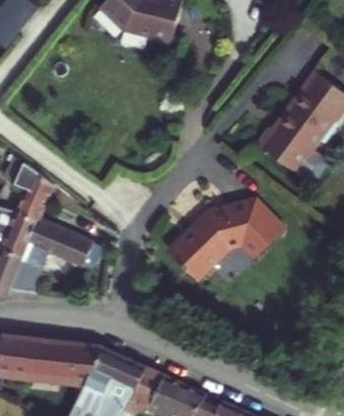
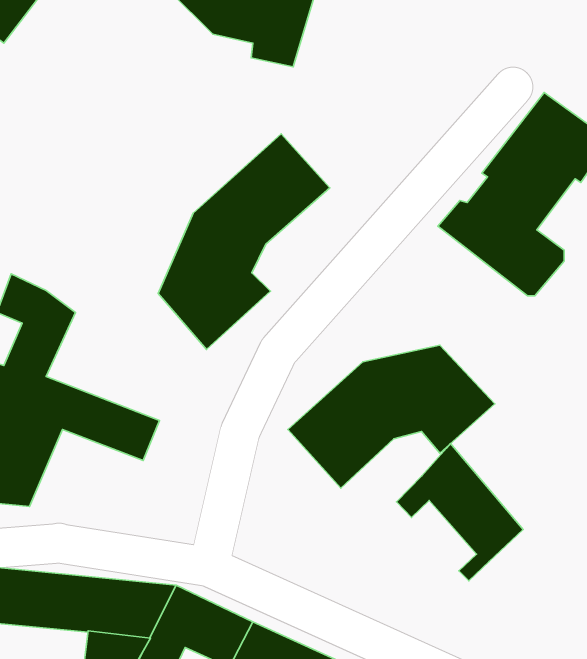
building: none -> [158,134,330,349]
building: none -> [397,444,523,581]

